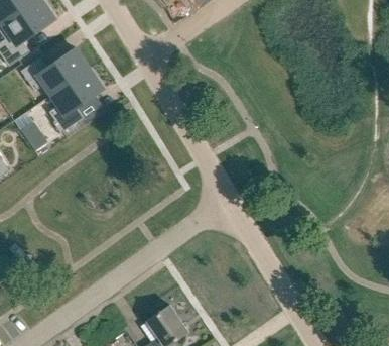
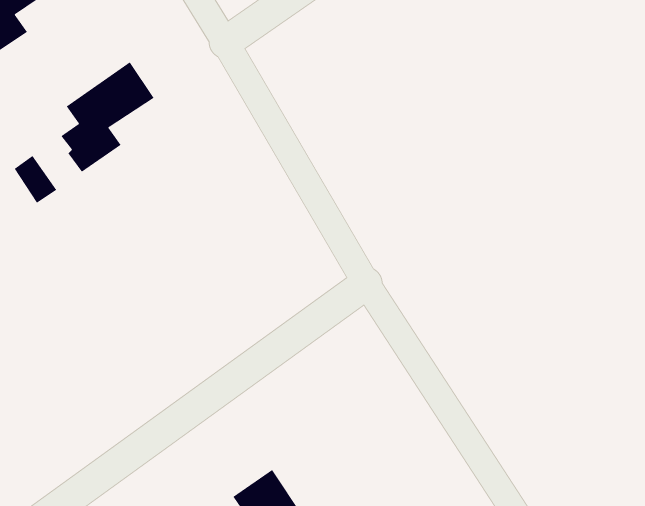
building: [20,47,89,94] -> none

